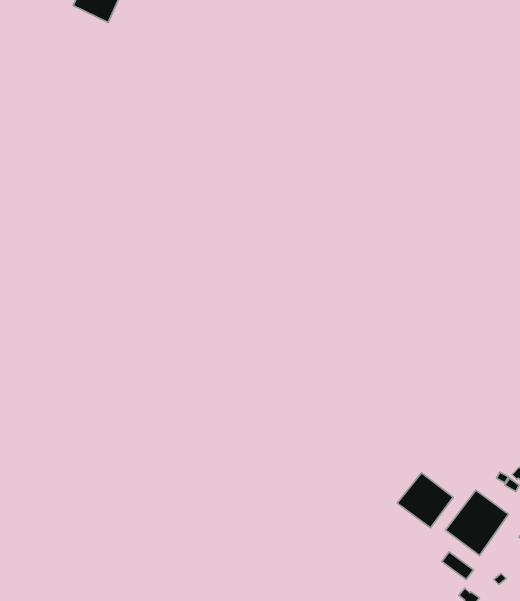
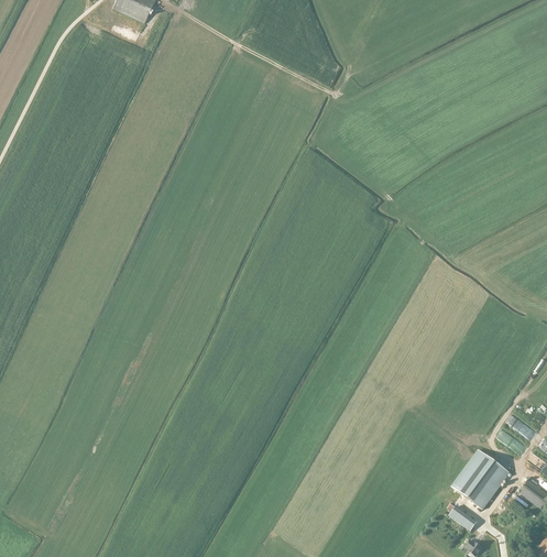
building: [397,473,453,528] -> none

